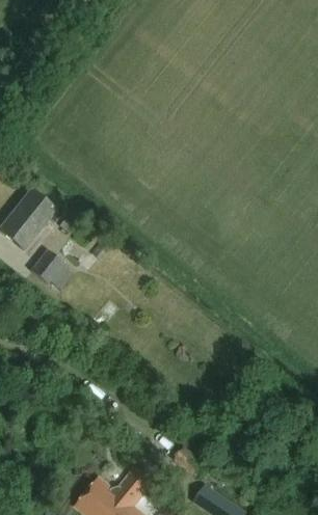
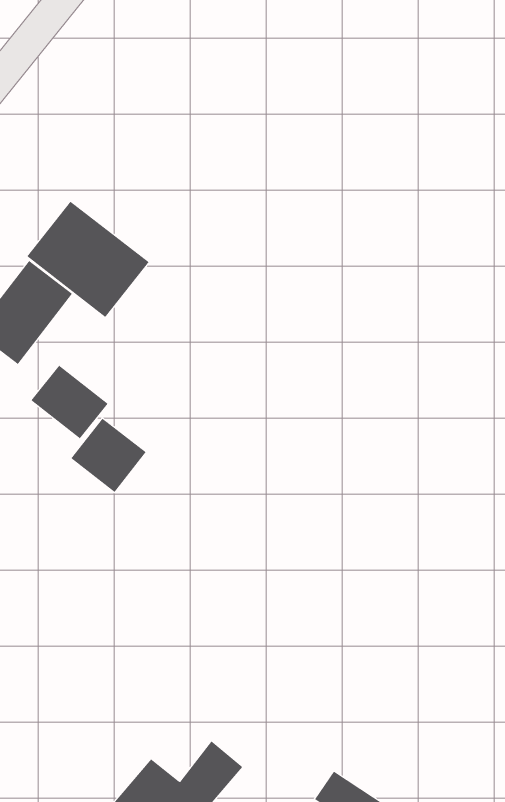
building: none -> [27,201,149,318]
building: none -> [70,418,146,493]

